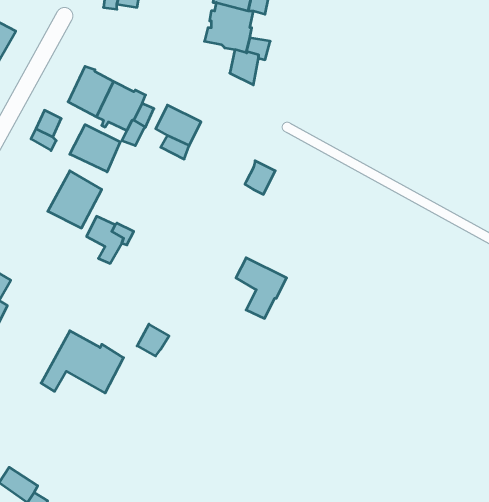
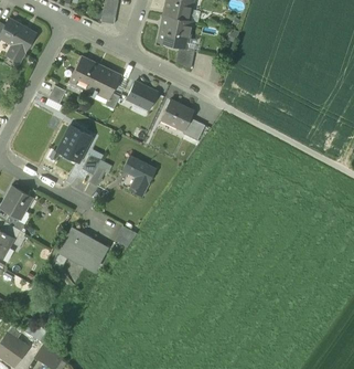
building: [70,125,120,172] -> none
building: none -> [160,99,193,131]
building: [236,258,287,318] -> [122,156,155,196]

